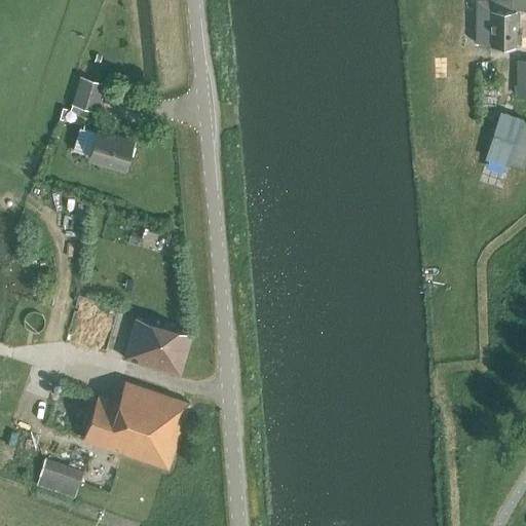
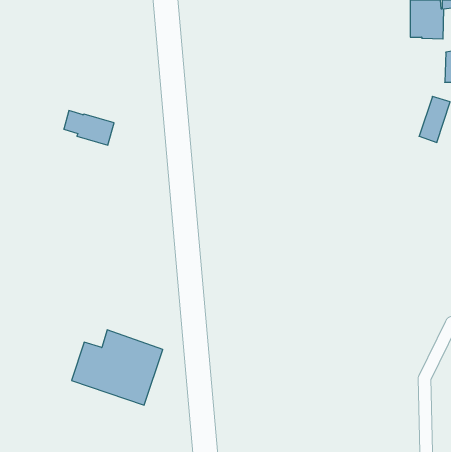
building: [73,77,101,110] -> none
building: [128,323,189,374] -> none
building: [38,458,84,497] -> none

